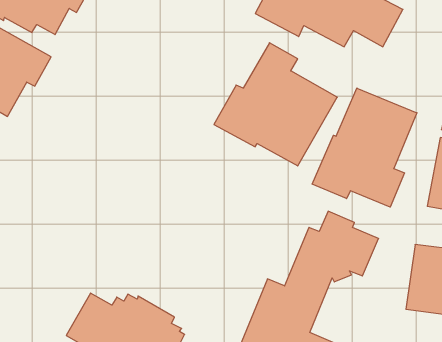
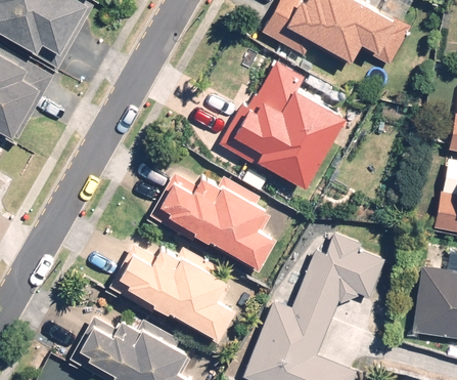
building: [312,88,417,207] -> none
building: none -> [149,173,277,272]
building: none -> [108,244,236,343]

